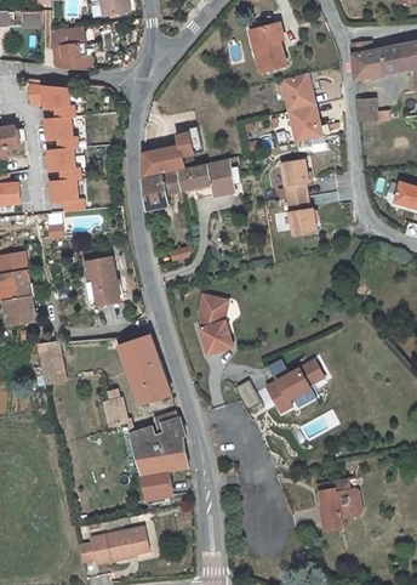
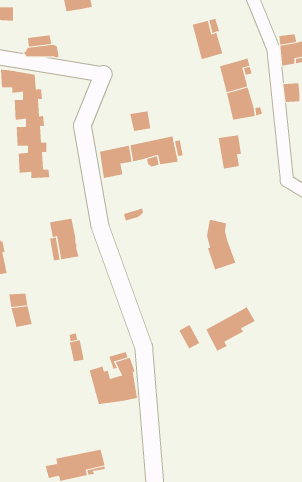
building: [51,25,87,47] -> none
building: [142,146,184,176] -> none
building: [286,195,315,234] -> none
building: [199,292,234,352] -> [206,219,236,270]
building: [118,334,170,404] -> none
building: [141,470,172,499] -> none
building: [316,479,360,528] -> none

